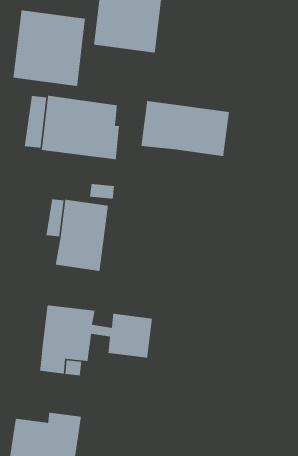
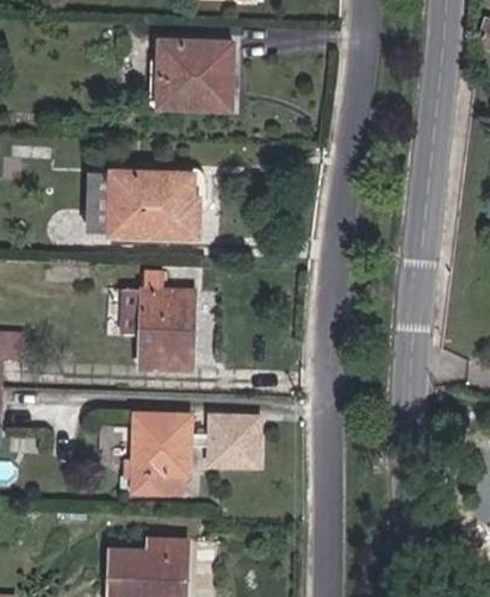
building: [13,10,86,87] -> none
building: [141,100,230,157] -> none

